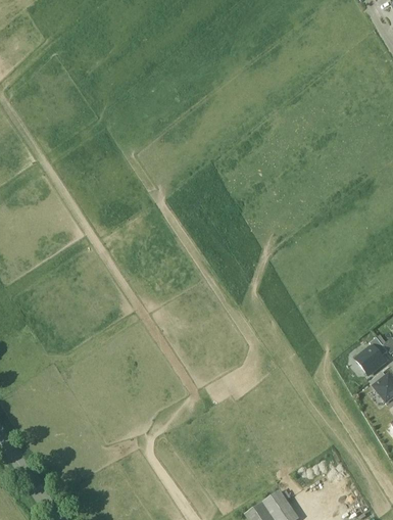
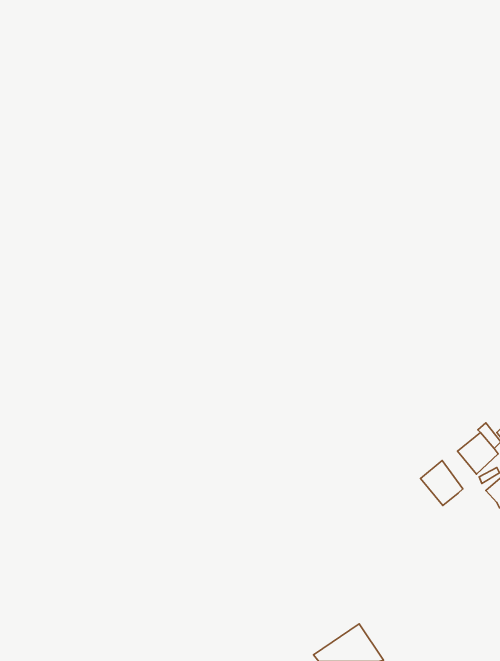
building: none -> [420,461,463,506]

